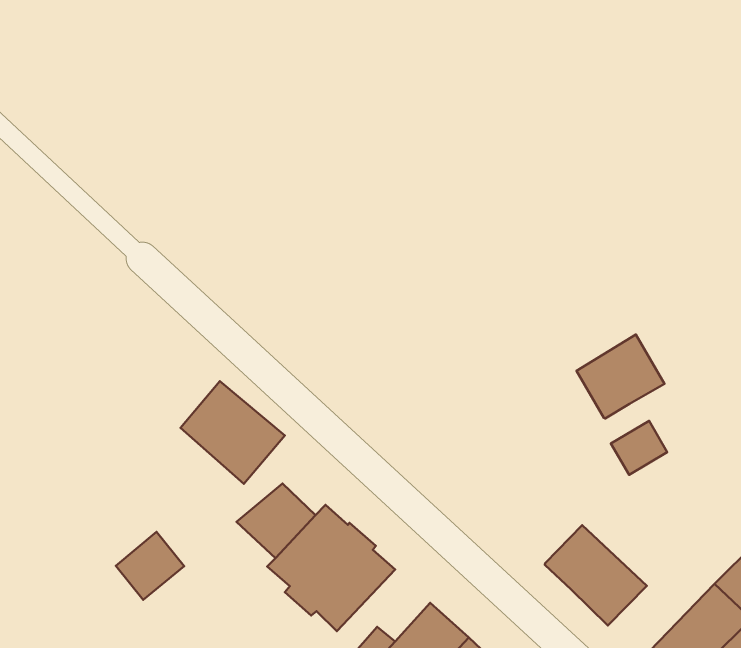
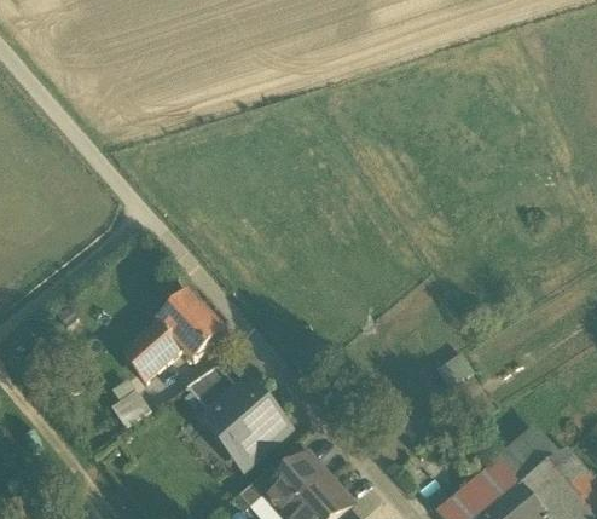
building: [576,334,664,419] -> none
building: none -> [126,321,182,380]
building: [545,525,647,626] -> none

